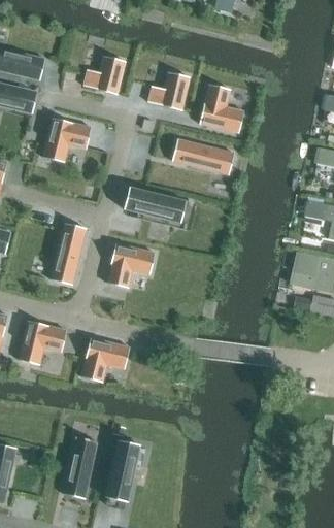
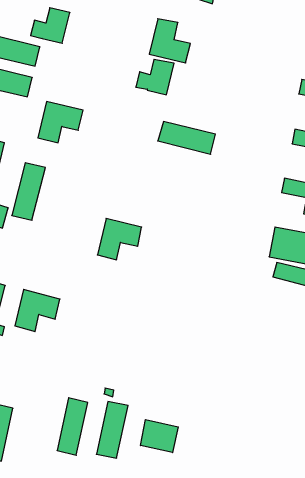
building: [82,56,125,94] -> [31,8,70,43]
building: [199,85,243,132] -> [149,19,190,63]
building: [124,187,186,222] -> none
building: [49,223,86,285] -> [12,163,45,220]
building: [80,337,129,382] -> none
building: none -> [141,420,178,453]

